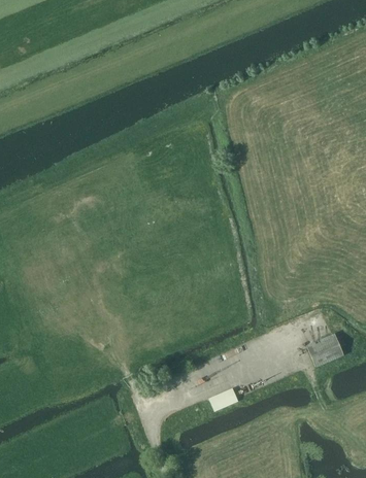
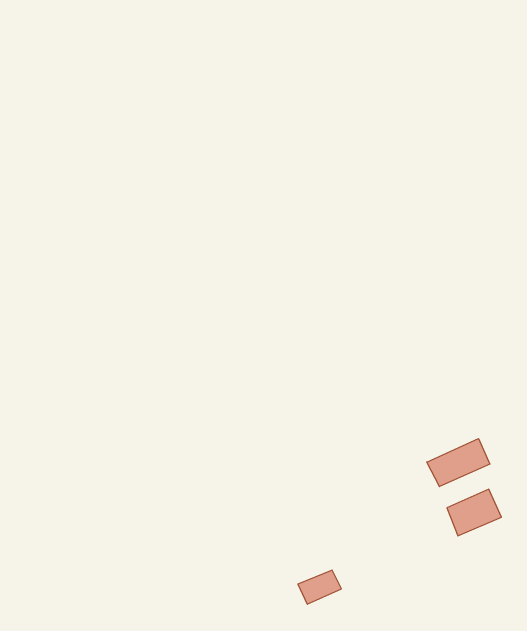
building: none -> [427,439,490,487]

